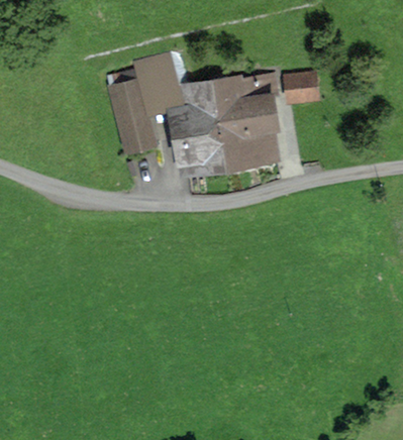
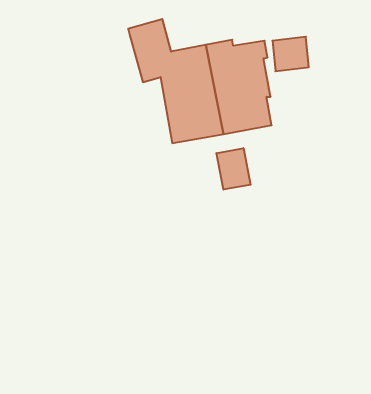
building: [107,70,157,152] -> none
building: none -> [216,148,251,190]

